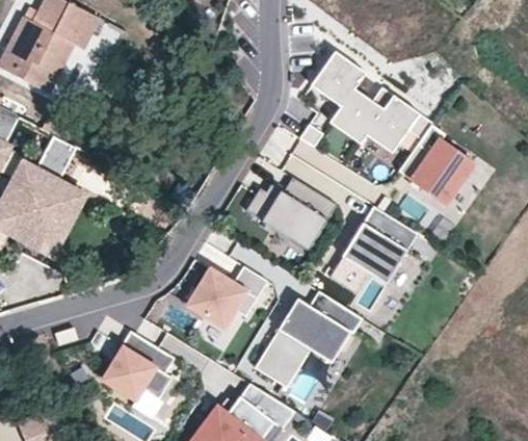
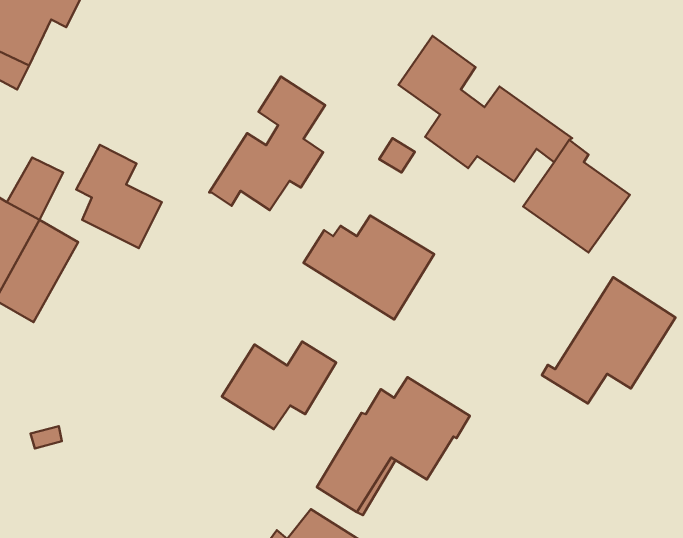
building: none -> [209,76,325,210]
building: none -> [76,145,162,248]
building: [322,206,416,294] -> [542,277,675,403]
building: [102,330,174,399] -> none

